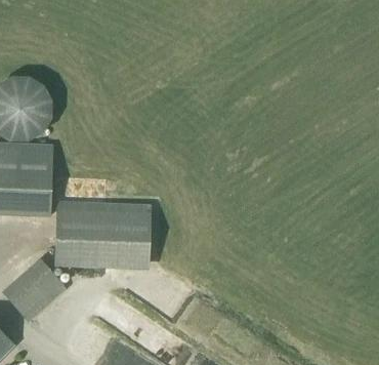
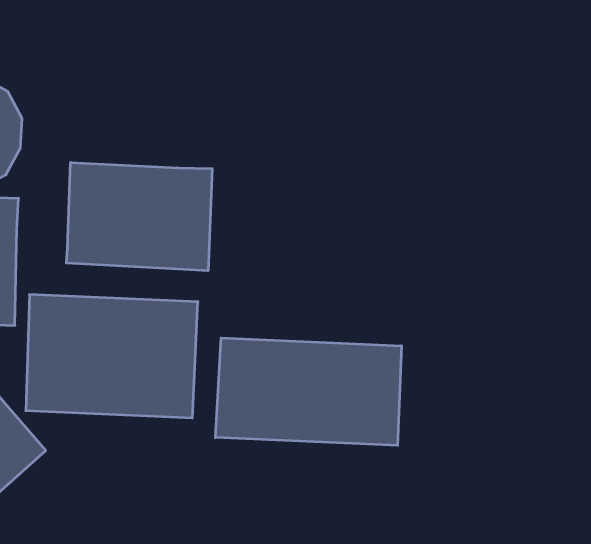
building: none -> [66,162,212,271]
building: none -> [215,338,401,445]

